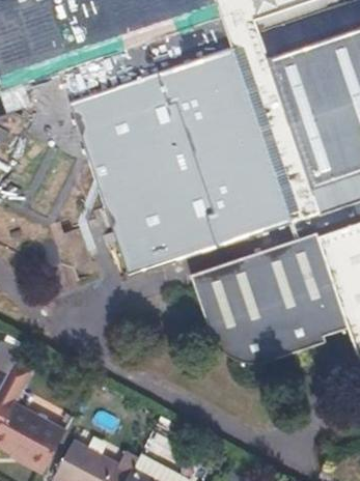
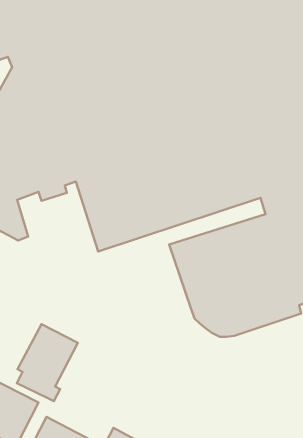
building: none -> [17,324,78,401]

